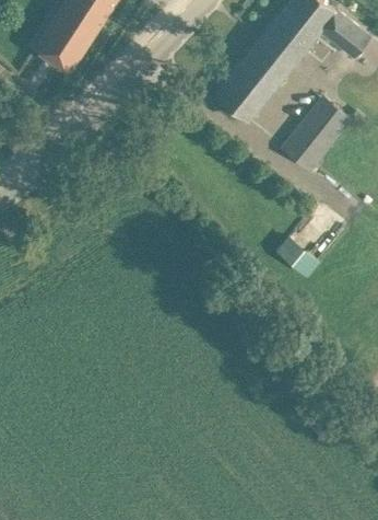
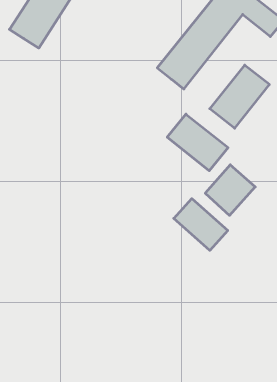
building: none -> [167,114,228,171]
building: none -> [174,199,228,250]

